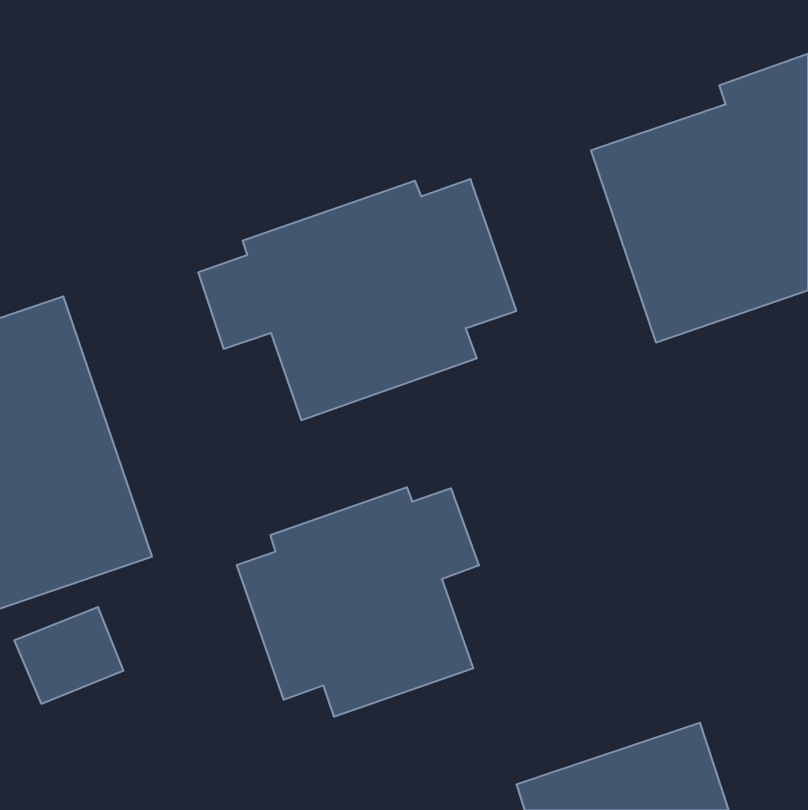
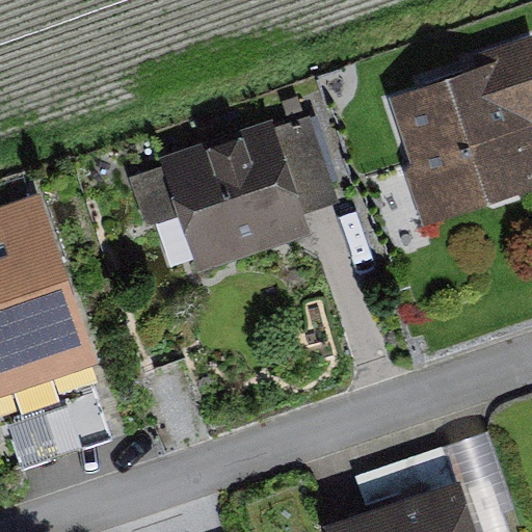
building: [237,487,479,717] -> none

